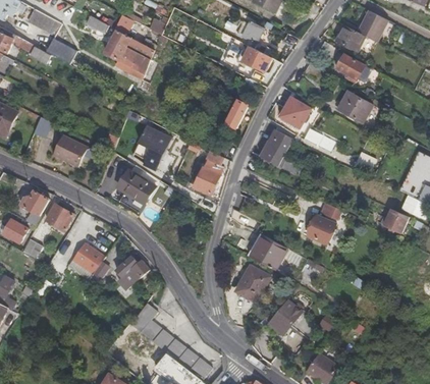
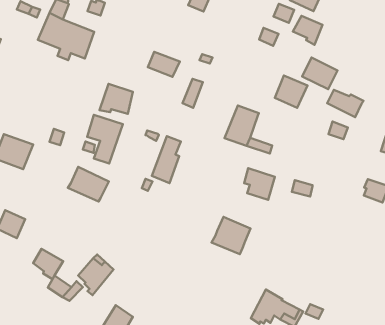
building: [241,46,271,70] -> [148,52,180,77]
building: none -> [100,84,133,114]
building: [280,100,311,130] -> [275,76,307,108]
building: none -> [327,90,363,117]
building: [305,214,333,244] -> [244,168,275,200]
building: [234,266,269,301] -> none

